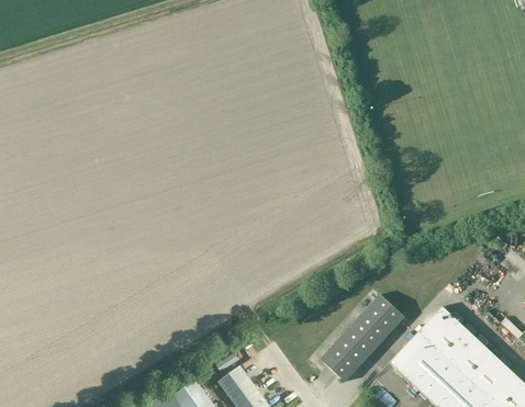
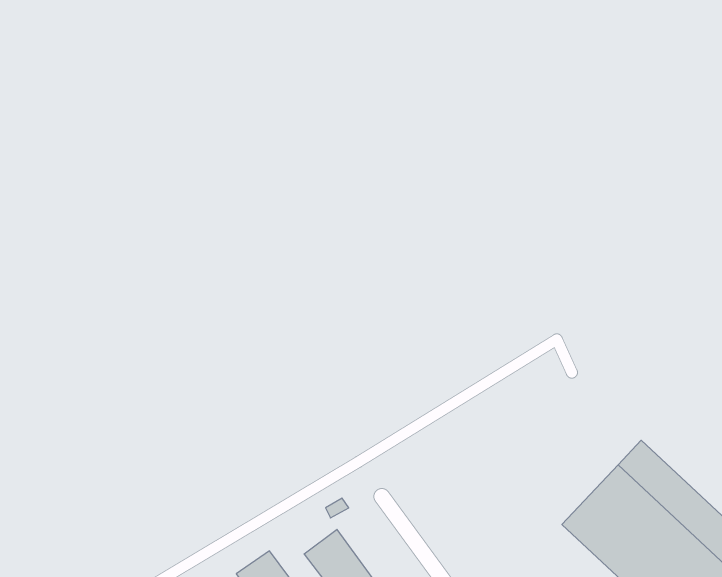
building: [320,294,404,382] -> none

